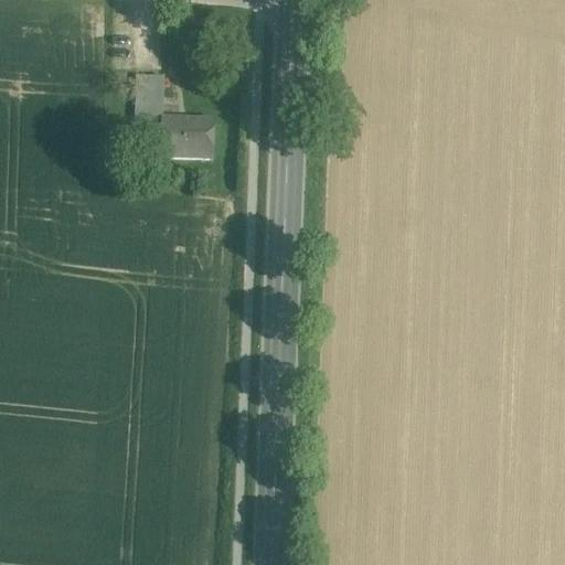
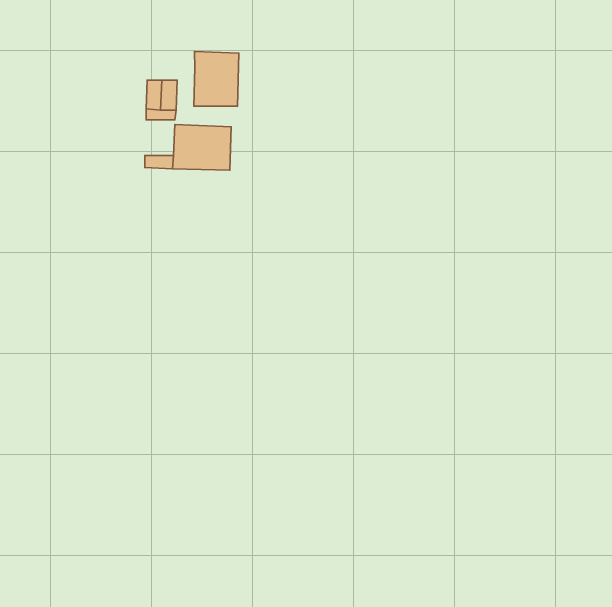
building: none -> [194,51,239,106]

